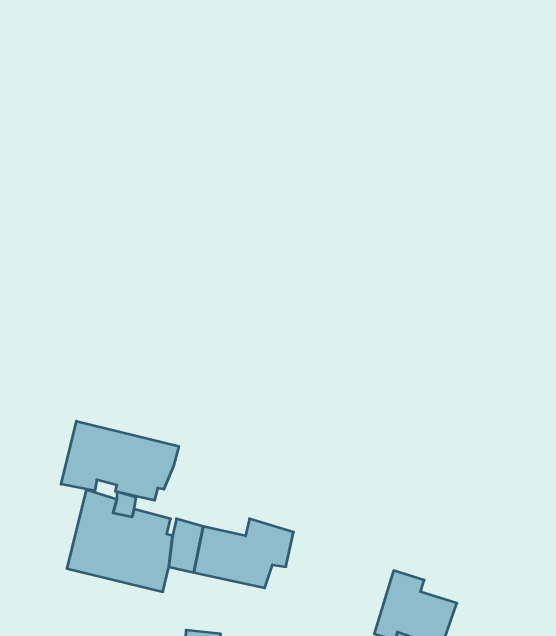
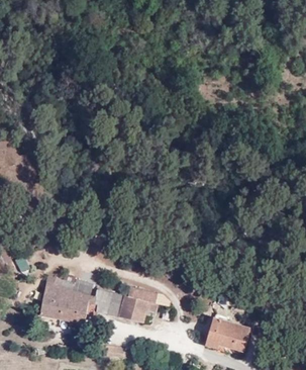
building: [61,421,179,500] -> none

